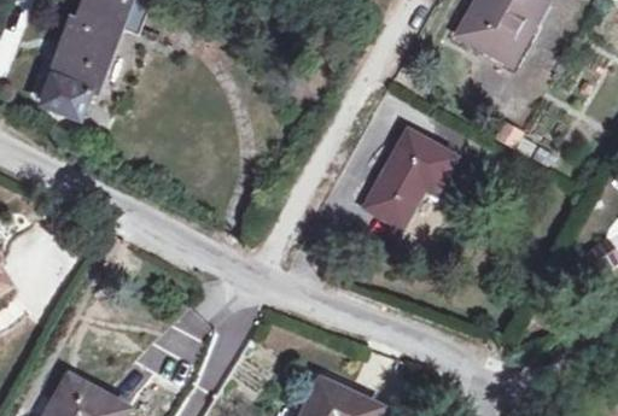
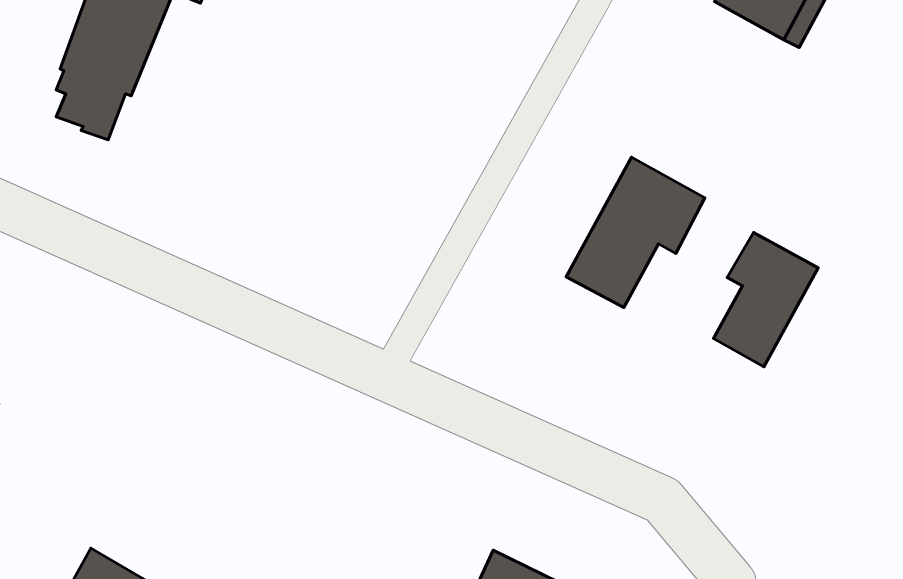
building: none -> [714,233,818,367]

